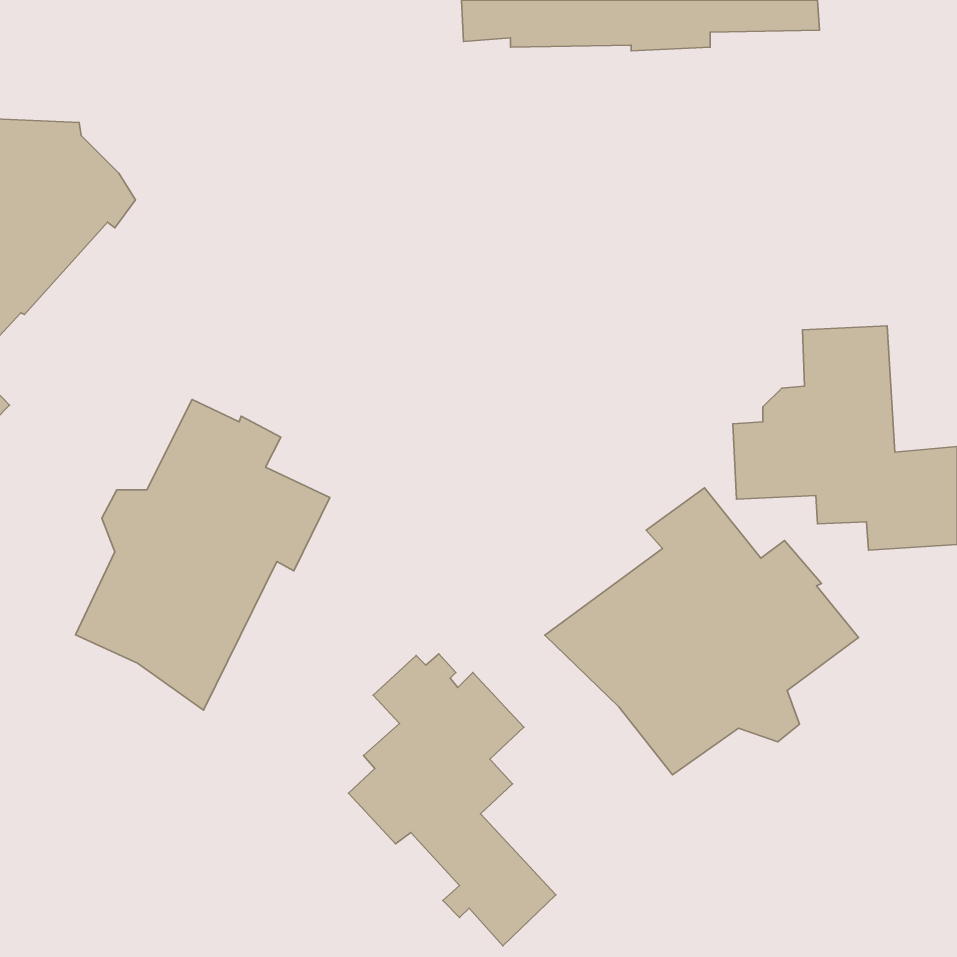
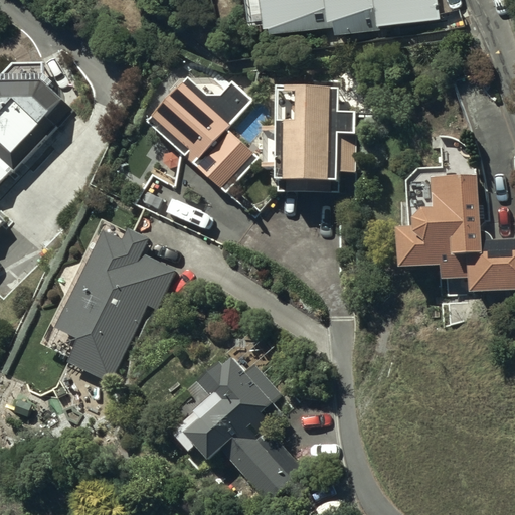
building: none -> [150,72,259,191]
building: none -> [265,75,357,192]
building: [545,488,858,775] -> none

